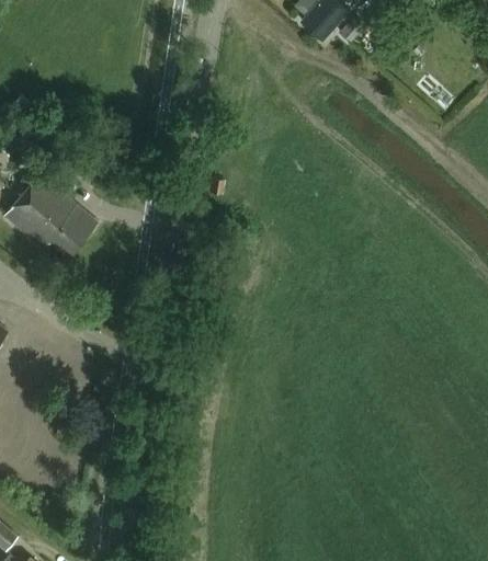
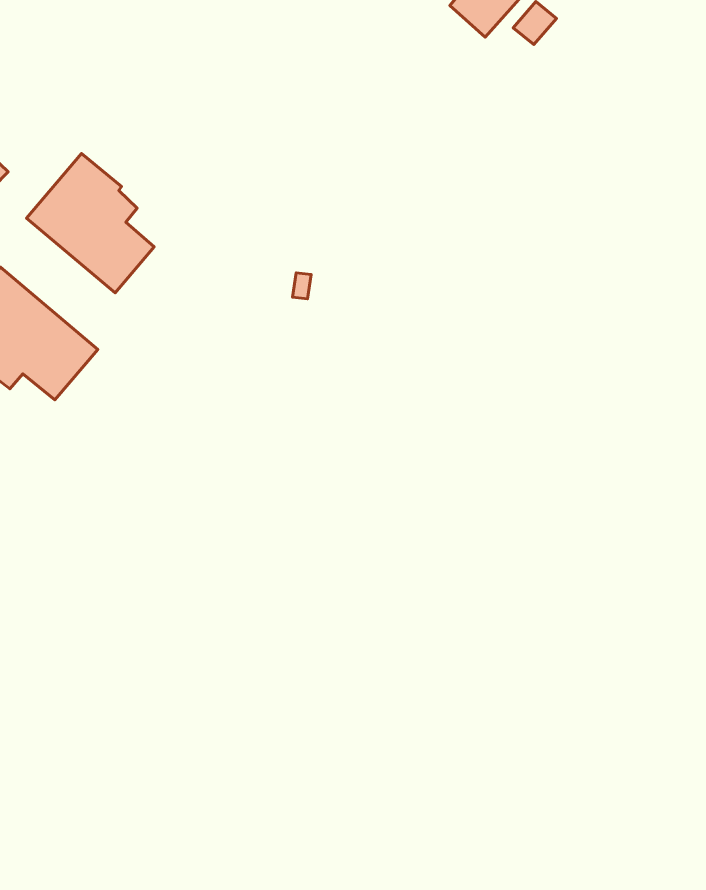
building: none -> [27,154,154,293]

